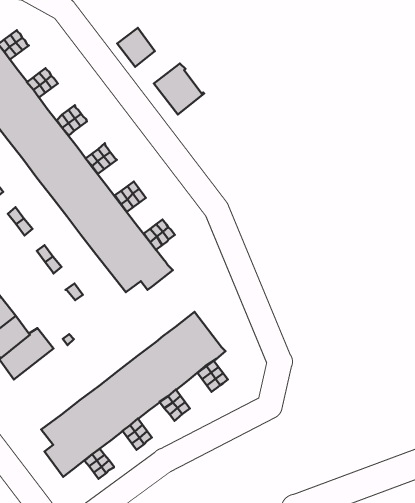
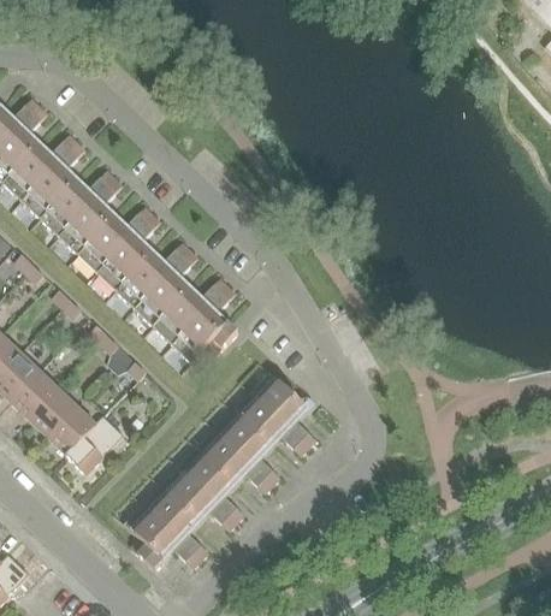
building: [117,28,155,67] -> none
building: [154,64,204,115] -> none

